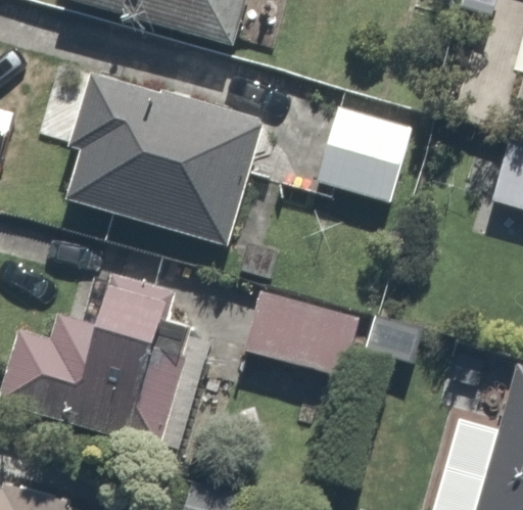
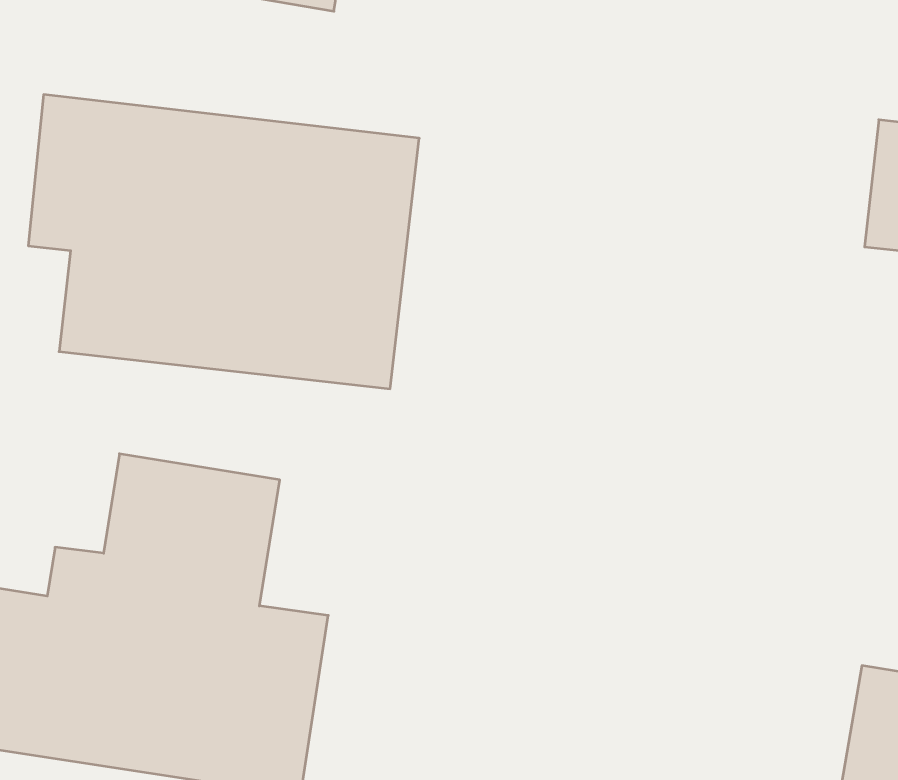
building: [314,103,425,208] -> none
building: [238,284,380,385] -> none

